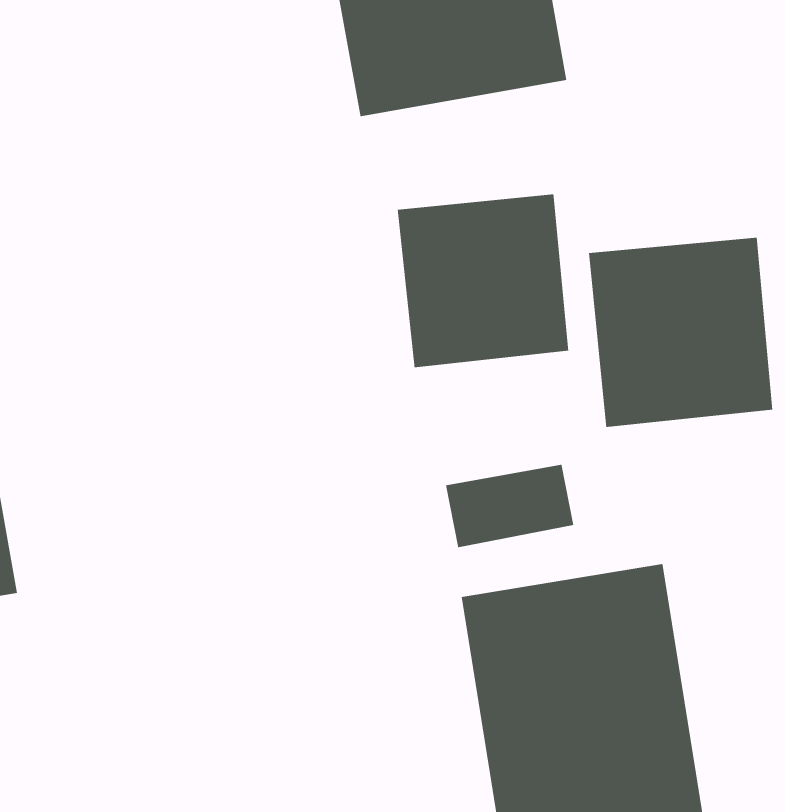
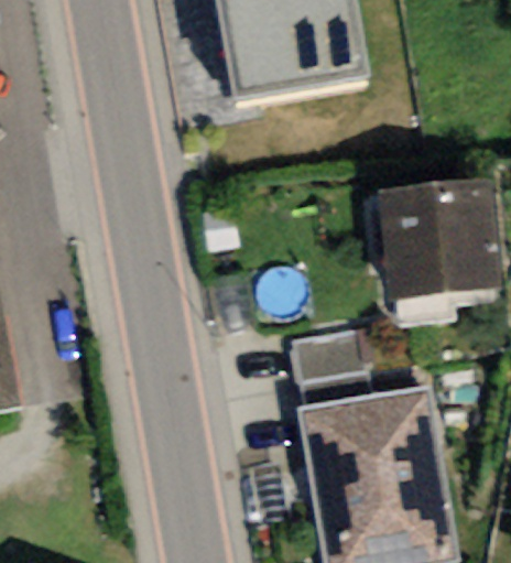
building: [397,193,569,368] -> none

